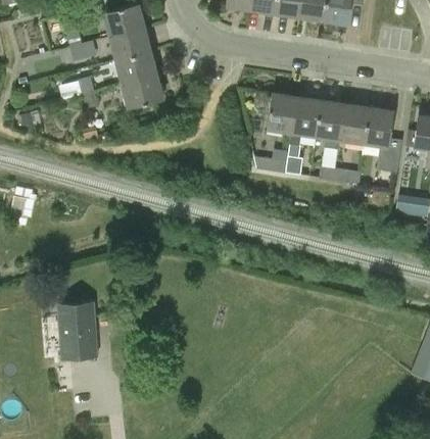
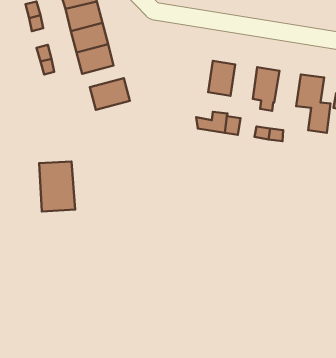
building: [289,98,321,146] -> none
building: [339,105,369,144] -> none
building: none -> [90,78,130,110]
building: [57,303,97,358] -> [39,161,75,211]

